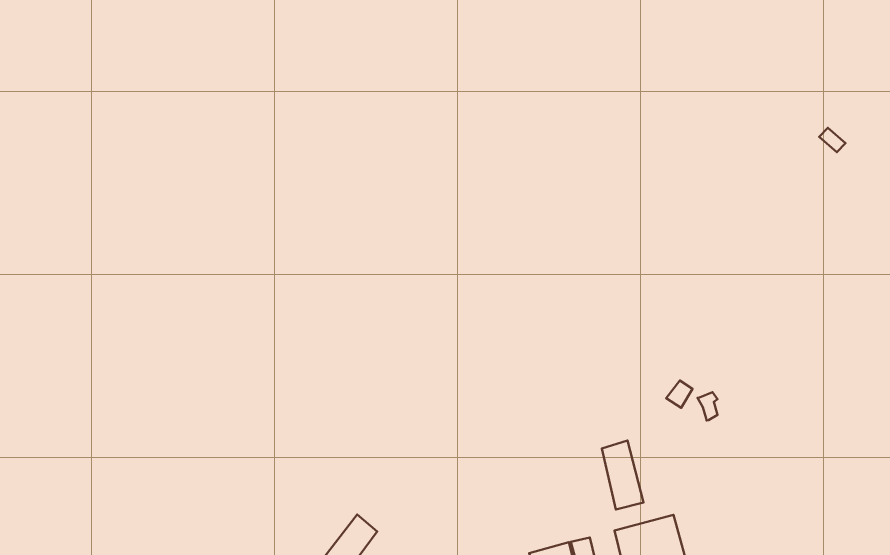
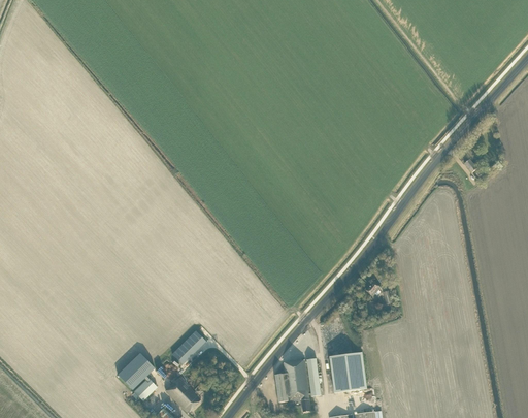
building: [602,441,643,510] -> none

